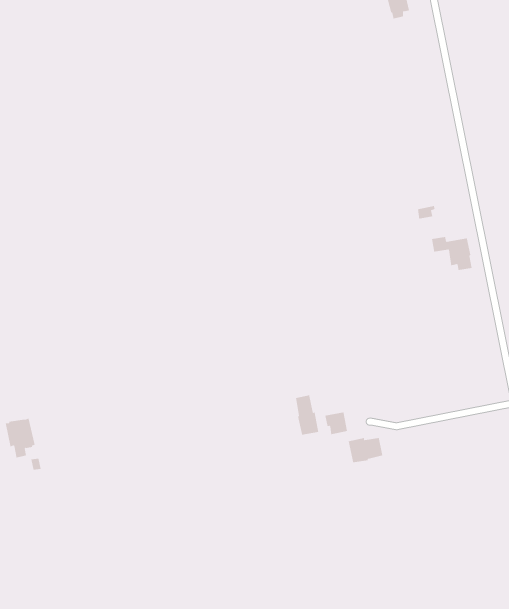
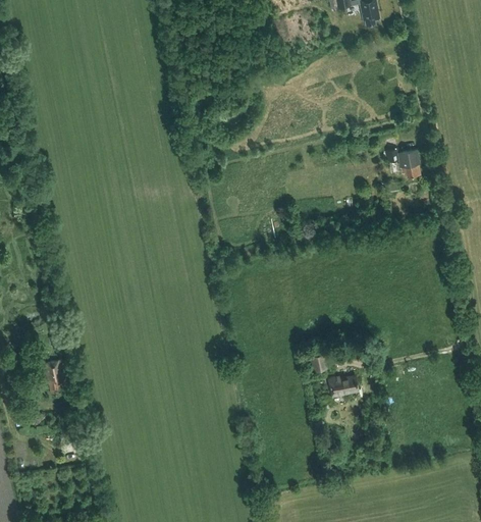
building: [431,236,473,271] -> [385,149,420,177]
building: [295,394,319,435] -> none

